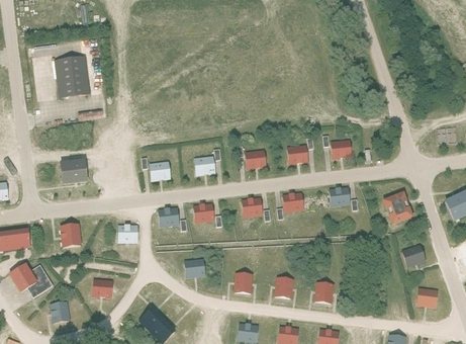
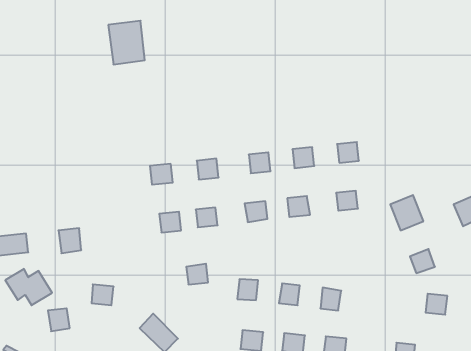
building: [55,56,90,98] -> [108,21,145,64]
building: [60,159,88,185] -> none
building: [118,225,138,243] -> none

